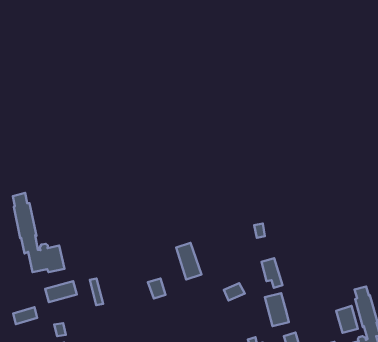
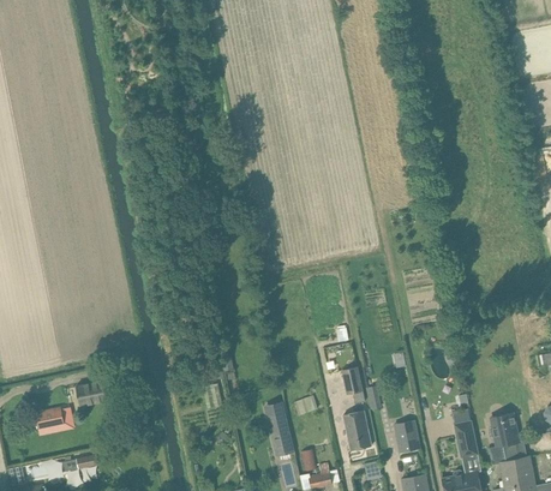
building: [13,193,64,272] -> none
building: [176,243,202,279] -> [266,412,295,456]
building: [336,306,358,333] -> [395,419,420,451]

